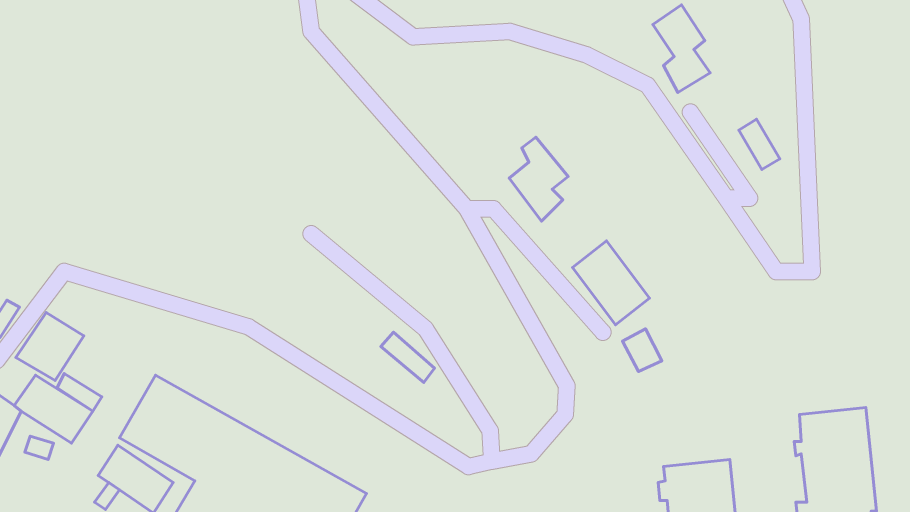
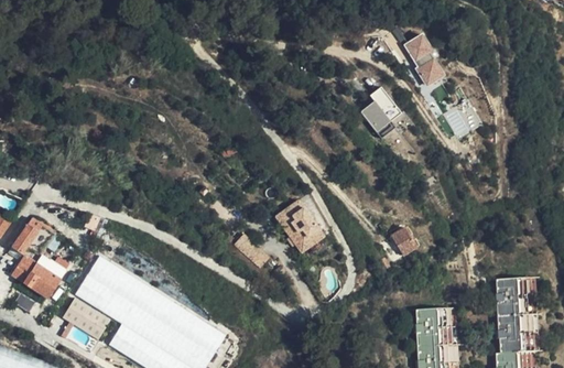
building: [509,137,568,221] -> [359,84,395,136]
building: [573,241,649,325] -> [273,196,321,248]

